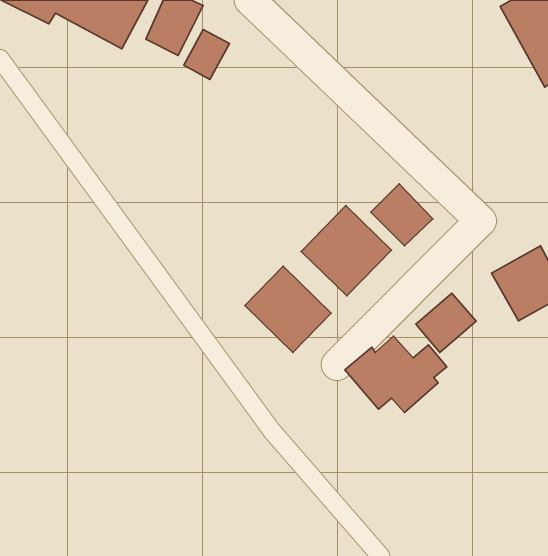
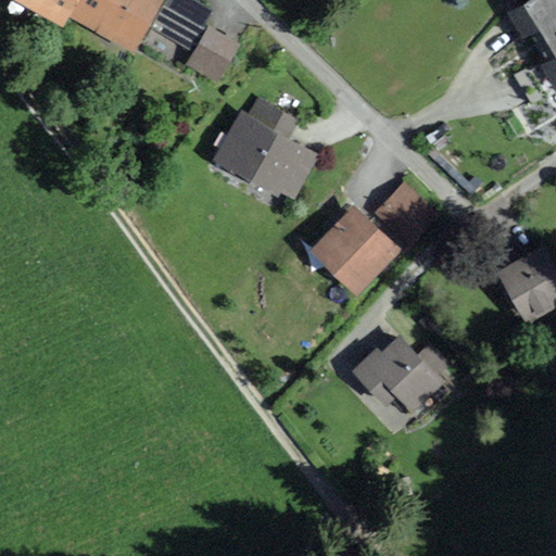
building: none -> [214,98,316,197]
building: [245,266,331,352] -> none
building: [416,293,476,352] -> none

